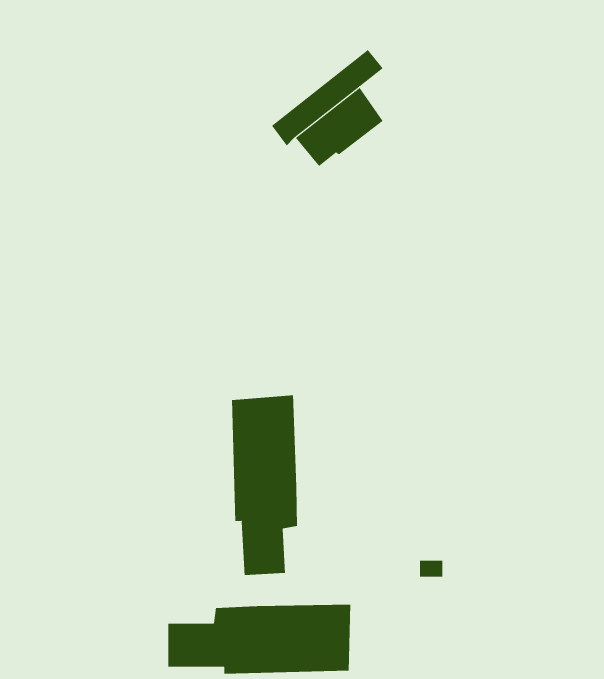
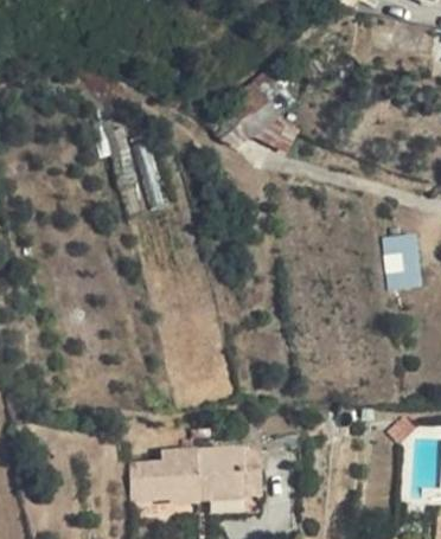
building: none -> [384,231,424,287]
building: [232,395,297,576] -> none

